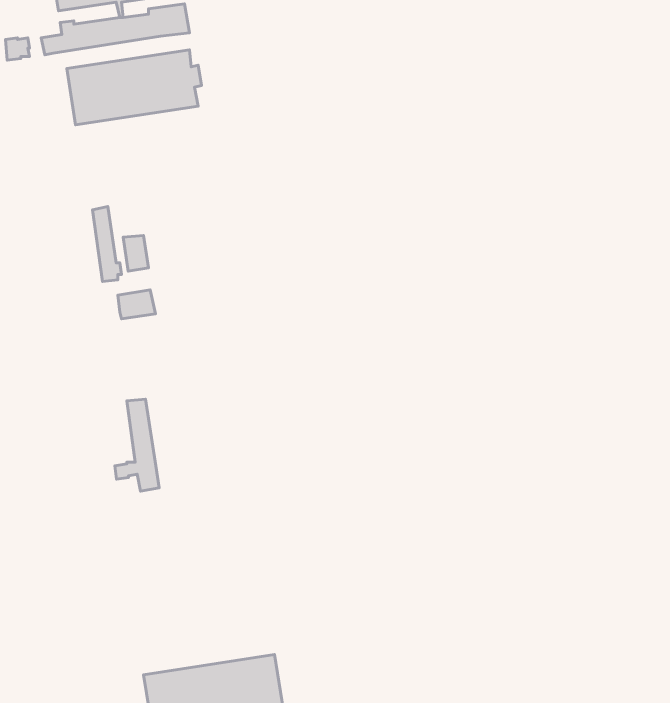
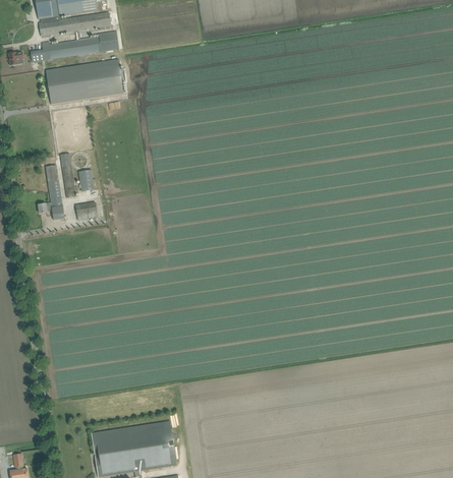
building: [115,399,159,491] -> [38,165,64,220]

